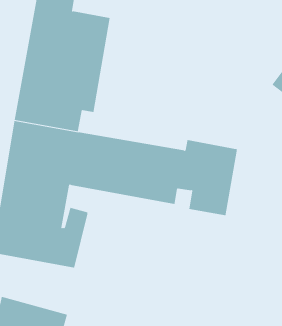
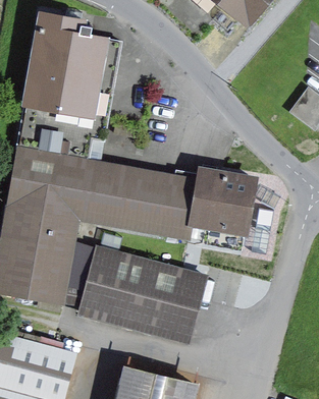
building: none -> [78,247,204,340]

